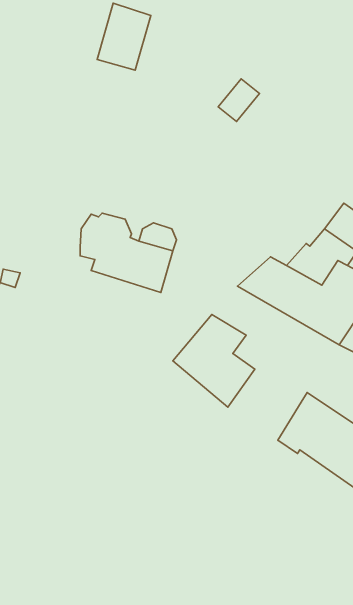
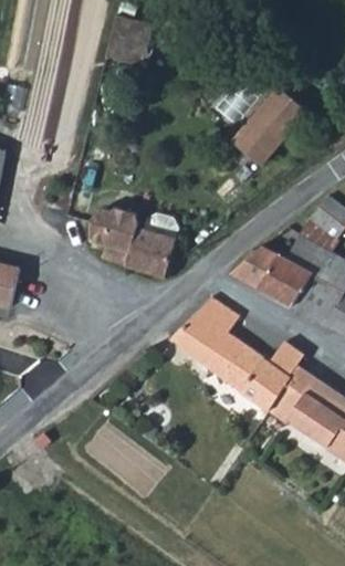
building: none -> [232,85,306,165]
building: none -> [224,343,303,411]

